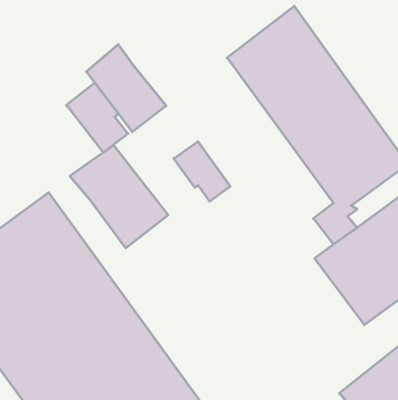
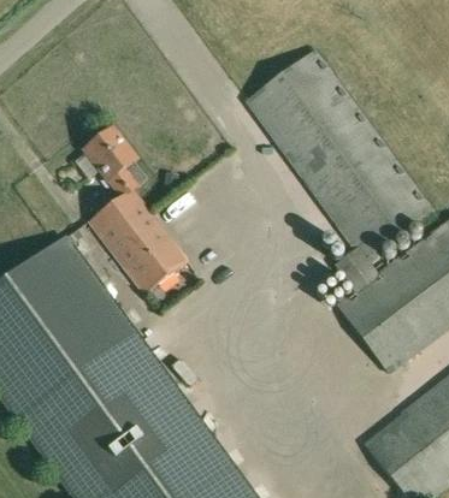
building: [86,44,166,132] -> none
building: [174,142,230,201] -> none

